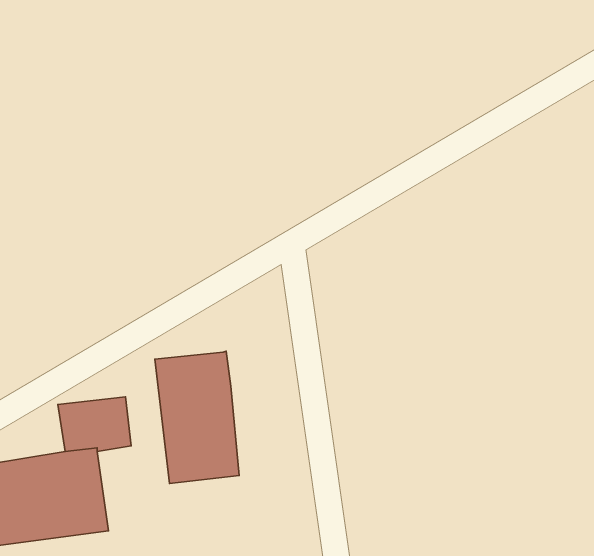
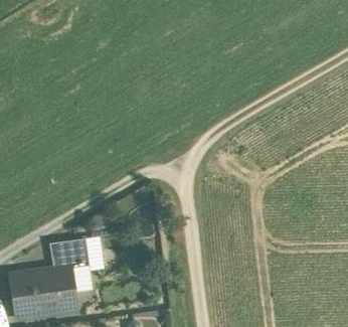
building: [155,351,239,483] -> none

